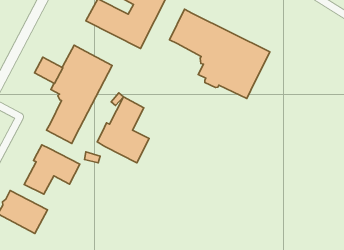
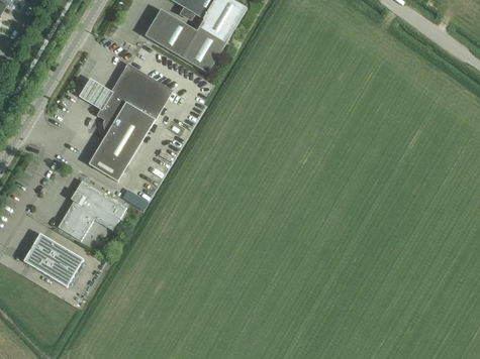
building: [169,9,270,99] -> none
building: [97,97,149,163] -> none

